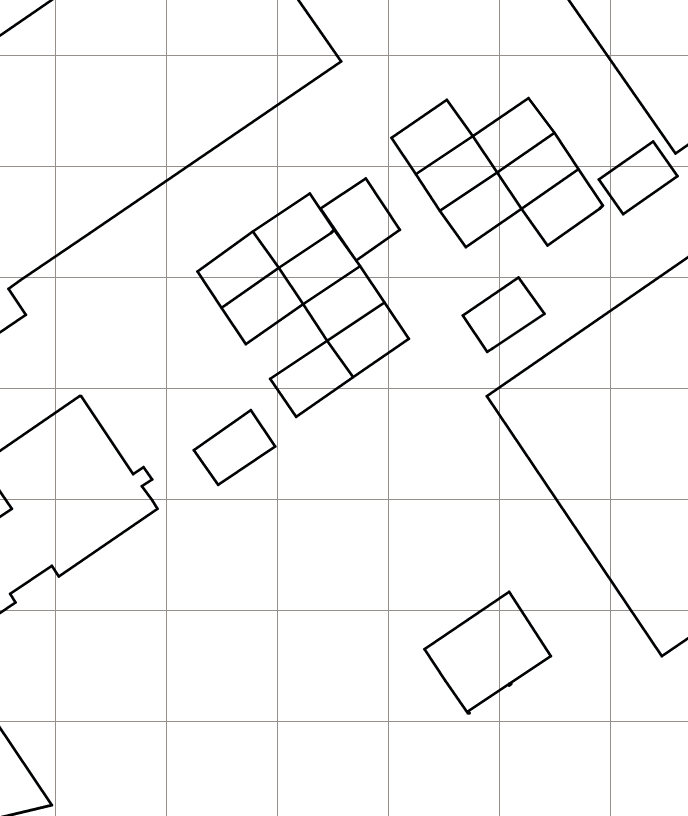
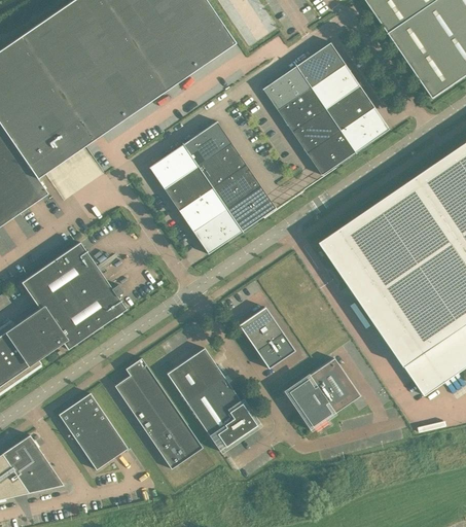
building: none -> [297,43,346,87]
building: [599,142,678,214] -> none
building: [320,178,400,260] -> none
building: [463,277,544,352] -> [309,131,357,175]
building: [194,410,275,485] -> [178,187,226,232]
building: none -> [239,307,294,368]
building: none -> [166,348,260,452]
building: none -> [114,358,203,469]
building: none -> [58,393,127,469]

